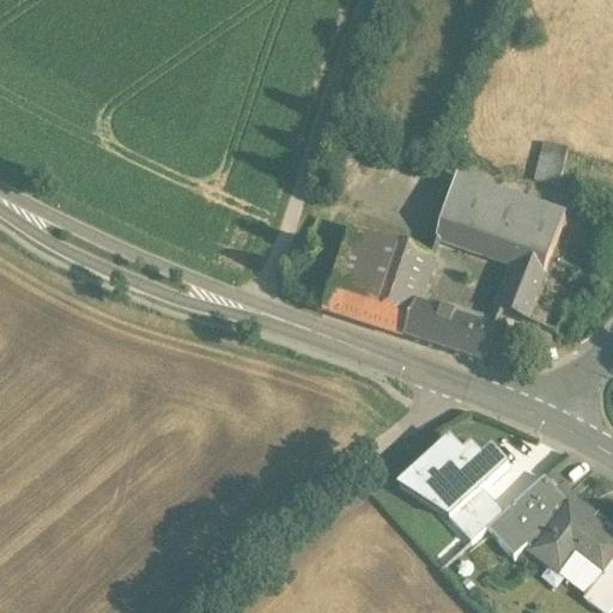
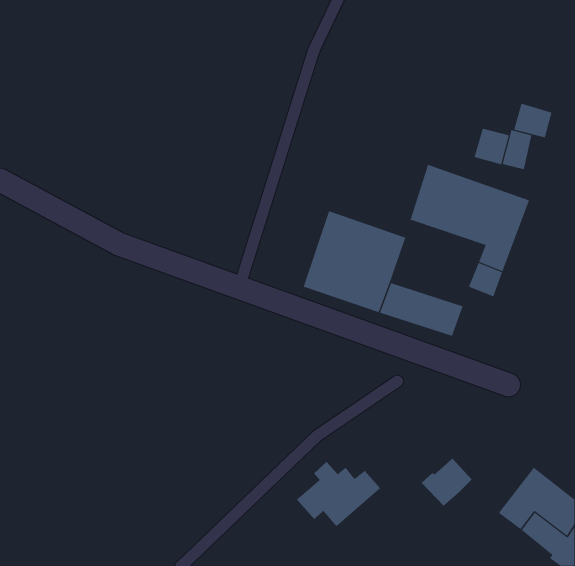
building: none -> [514,103,552,138]
building: none -> [474,128,509,165]
building: [419,435,509,504] -> [296,461,381,526]
building: [488,471,568,551] -> none

